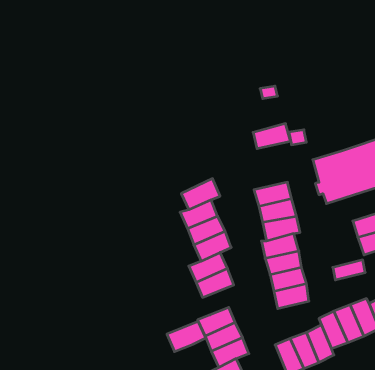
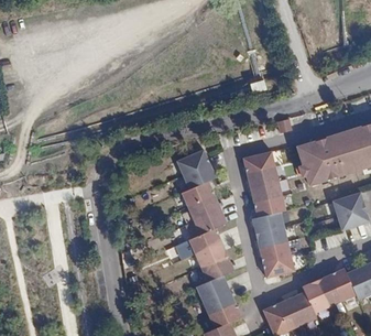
building: [253,124,291,149] -> [243,150,276,172]
building: none -> [176,149,210,175]
building: [167,322,206,352] -> [201,256,236,282]

